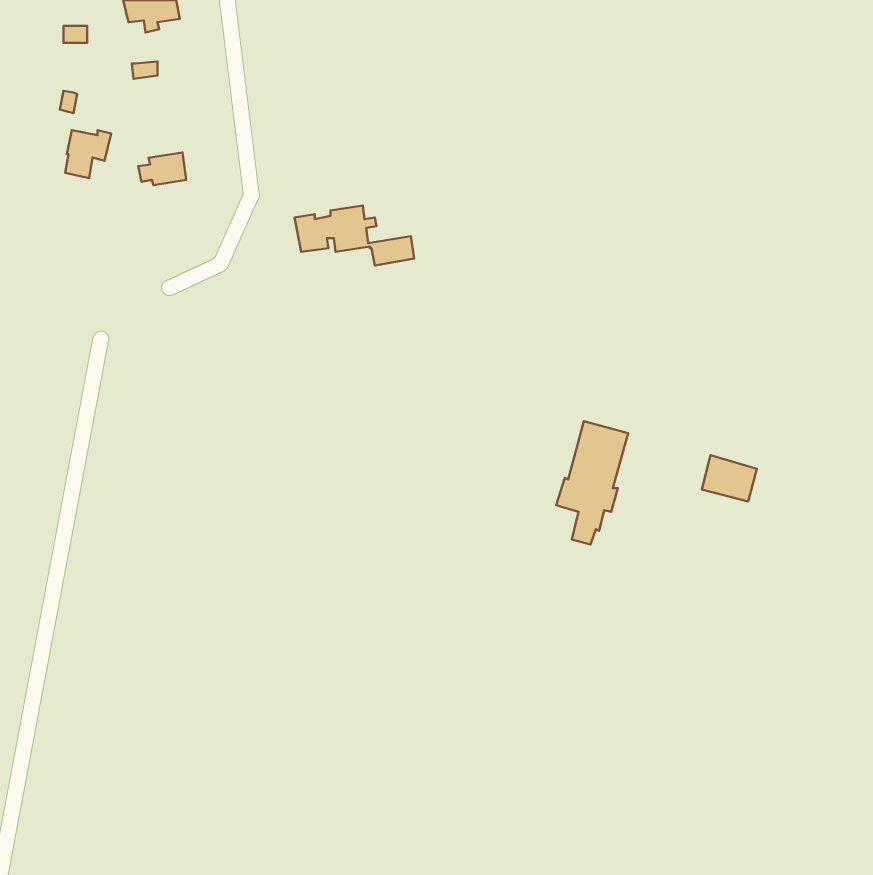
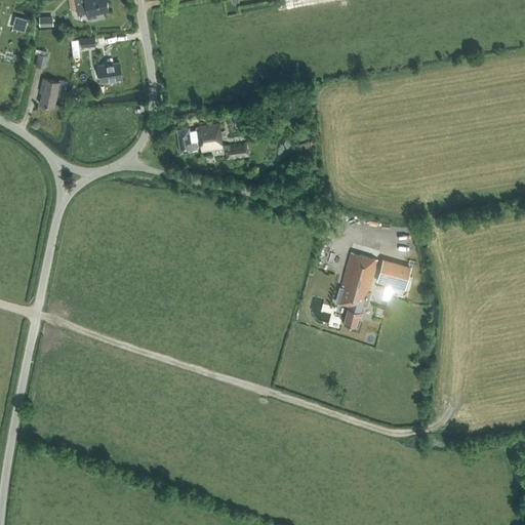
building: [138,153,186,185] -> [91,62,120,81]
building: [702,455,757,501] -> [375,260,408,288]

